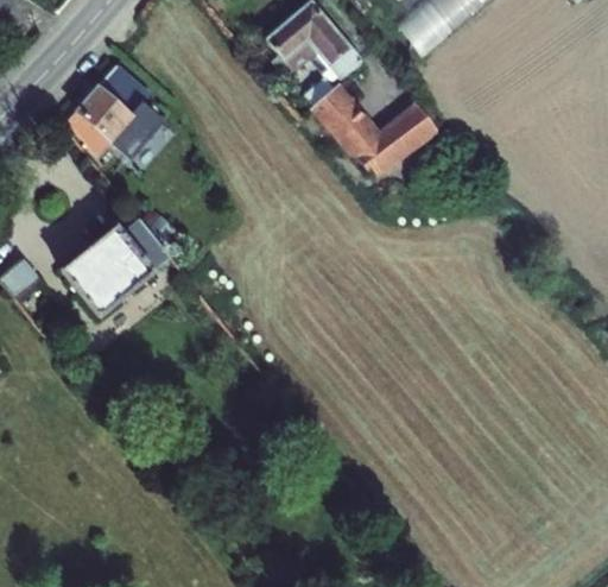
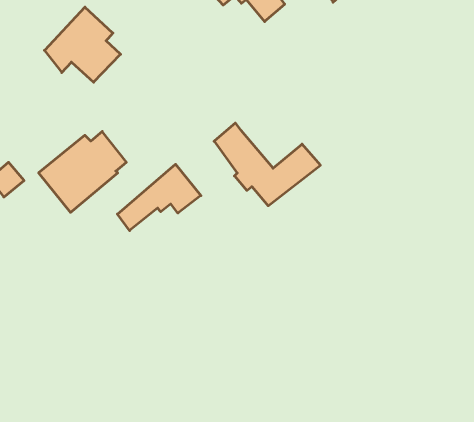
building: [308,77,438,179] -> [214,123,320,206]
building: none -> [117,164,201,231]

